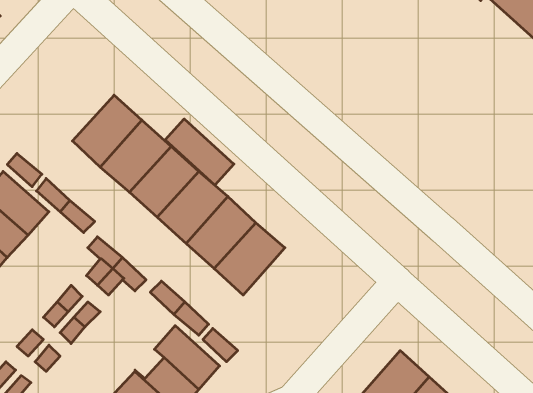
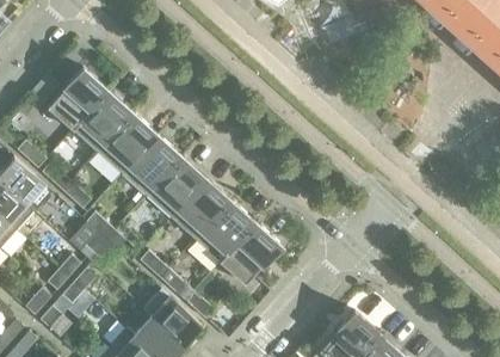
building: none -> [48,68,109,130]
building: [165,119,234,185] -> none
building: none -> [220,222,280,285]

